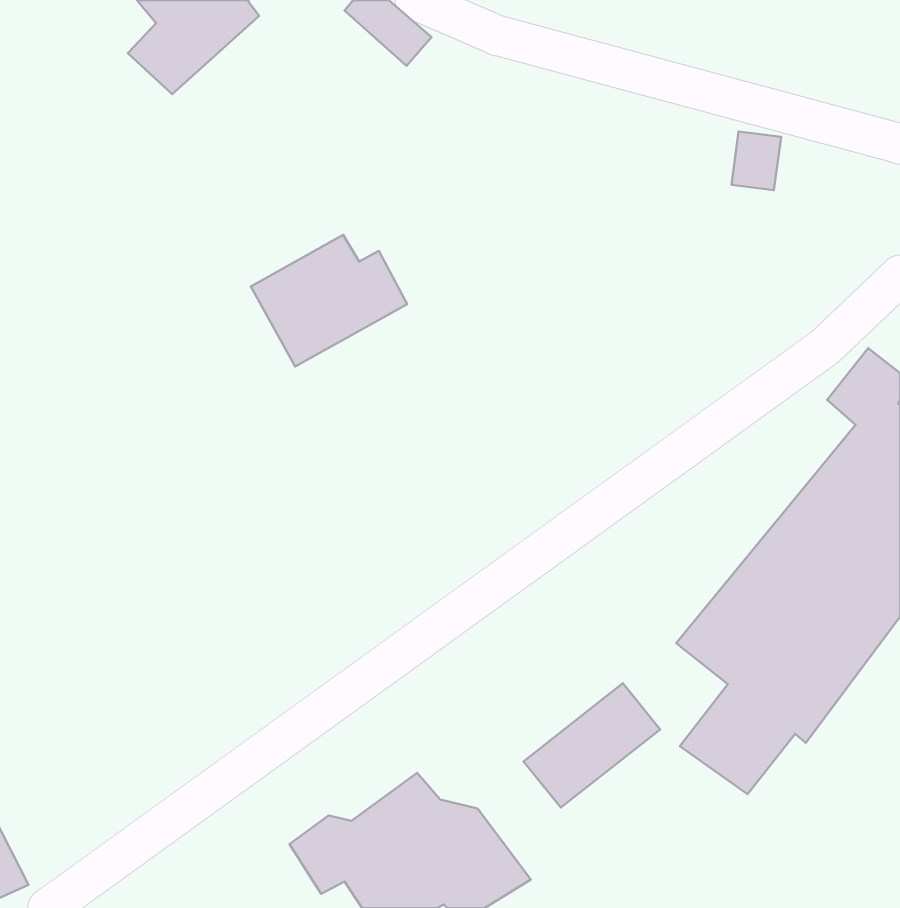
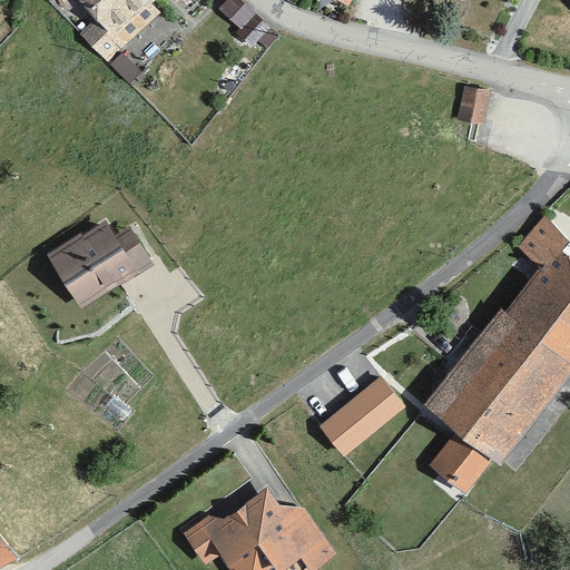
building: [251,235,407,366] -> [55,219,153,302]
building: [523,683,660,808] -> [322,376,407,454]

